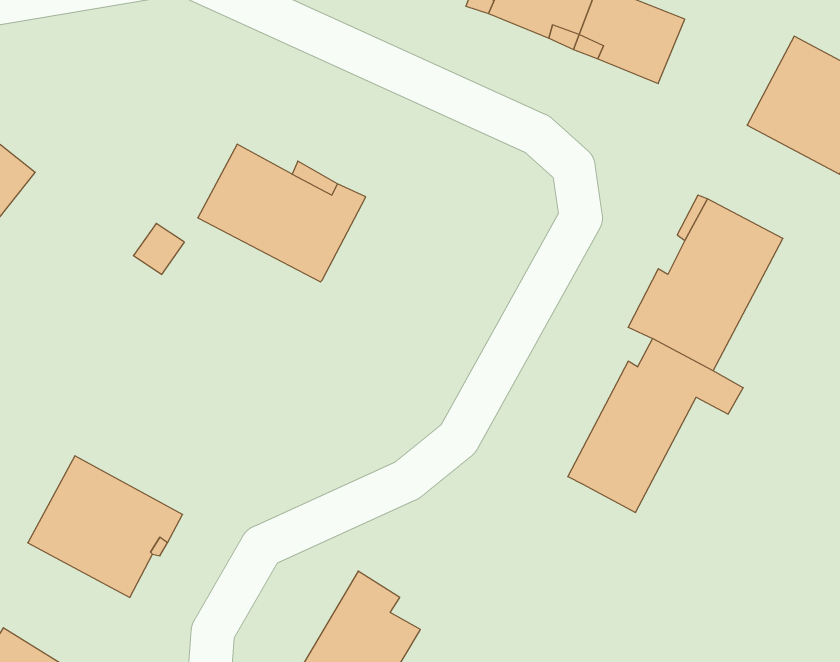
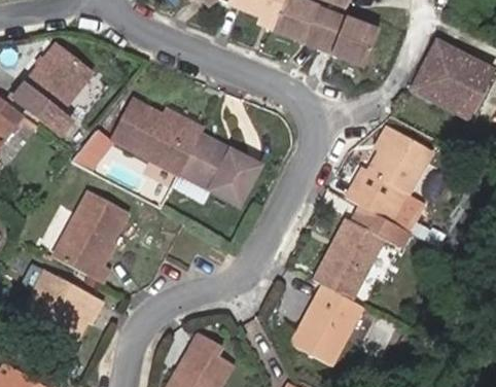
building: none -> [13,44,92,135]
building: none -> [180,132,263,206]
building: none -> [52,189,130,283]
building: none -> [290,284,363,365]

